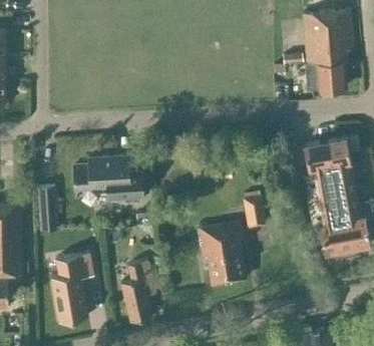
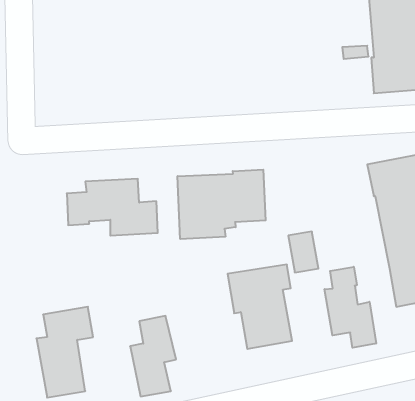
building: none -> [178,170,266,239]
building: [39,188,57,231] -> none
building: none -> [325,267,376,348]

